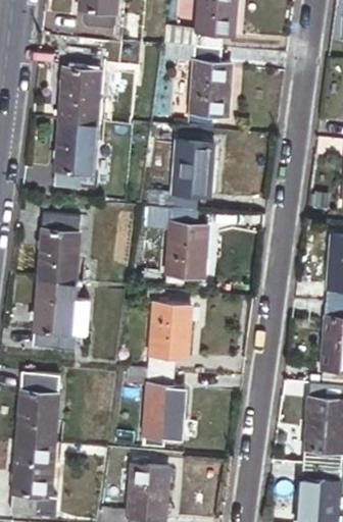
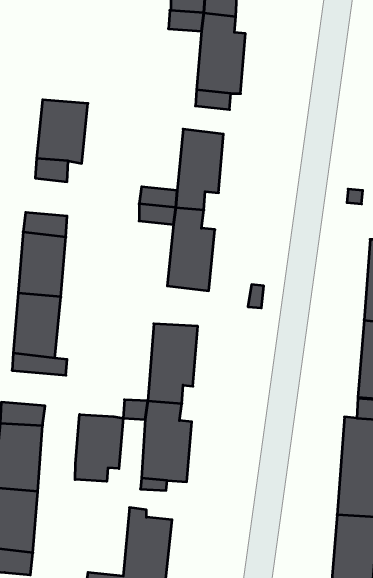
building: [60,64,103,120] -> none
building: none -> [75,414,123,481]

